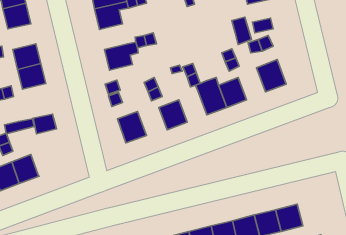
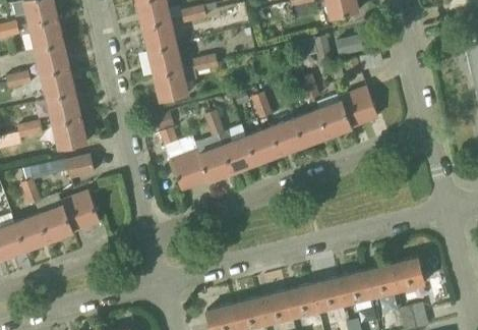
building: none -> [35,43,69,74]
building: none -> [147,43,182,74]
building: none -> [318,97,352,136]
building: none -> [53,116,87,149]
building: none -> [245,127,280,164]
building: none -> [194,146,231,181]
building: none -> [62,190,99,229]
building: none -> [391,258,425,291]

